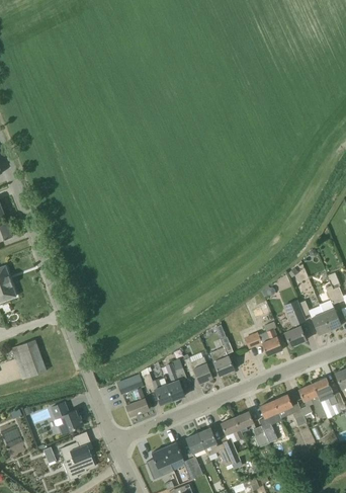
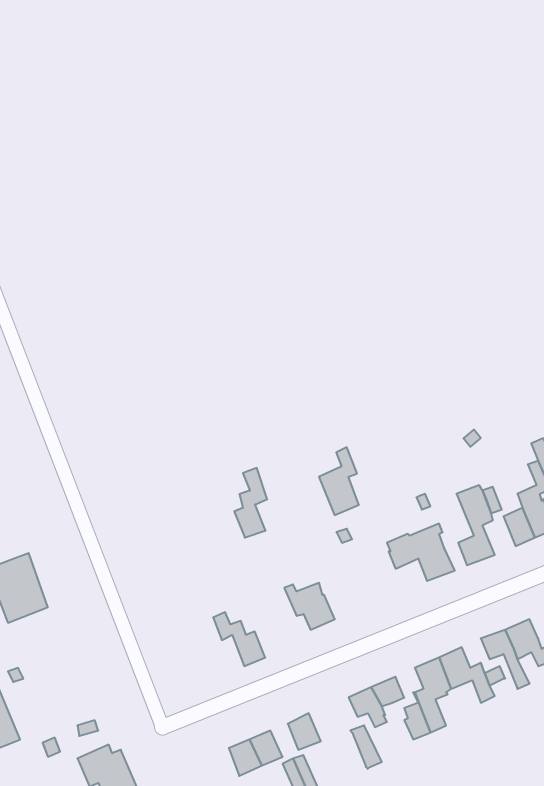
building: [209,336,233,376] -> [319,447,359,515]
building: [166,359,185,400] -> [234,468,267,538]
building: [116,375,148,416] -> none
building: [51,402,83,433] -> none
building: [197,427,231,467] -> none

